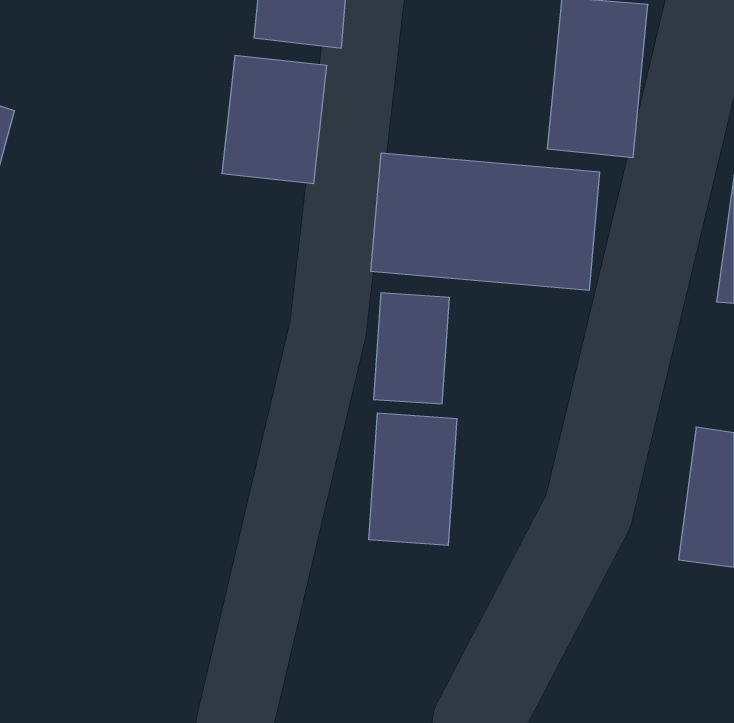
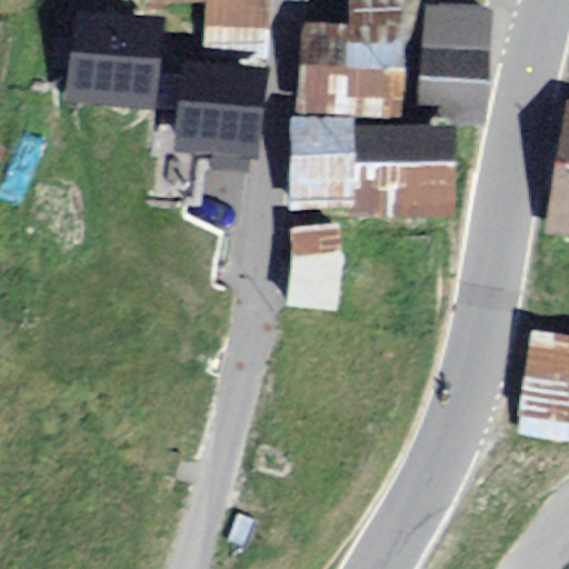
building: none -> [70,8,168,109]
building: none -> [298,21,410,116]
building: [369,413,457,546] -> none

